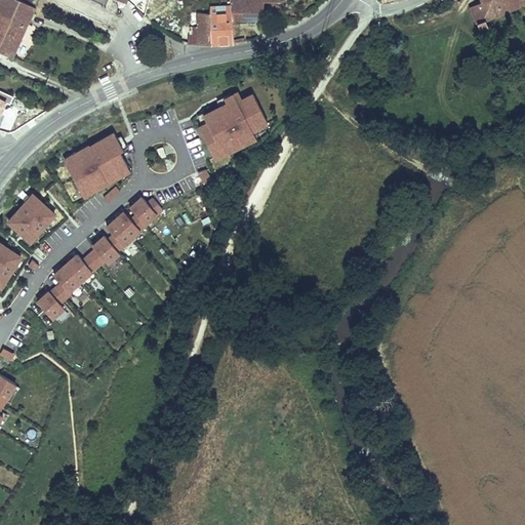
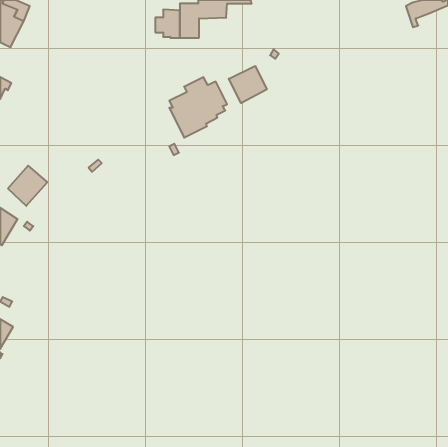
building: none -> [229,66,267,103]
building: [64,135,130,197] -> none
building: [38,197,163,317] -> none

